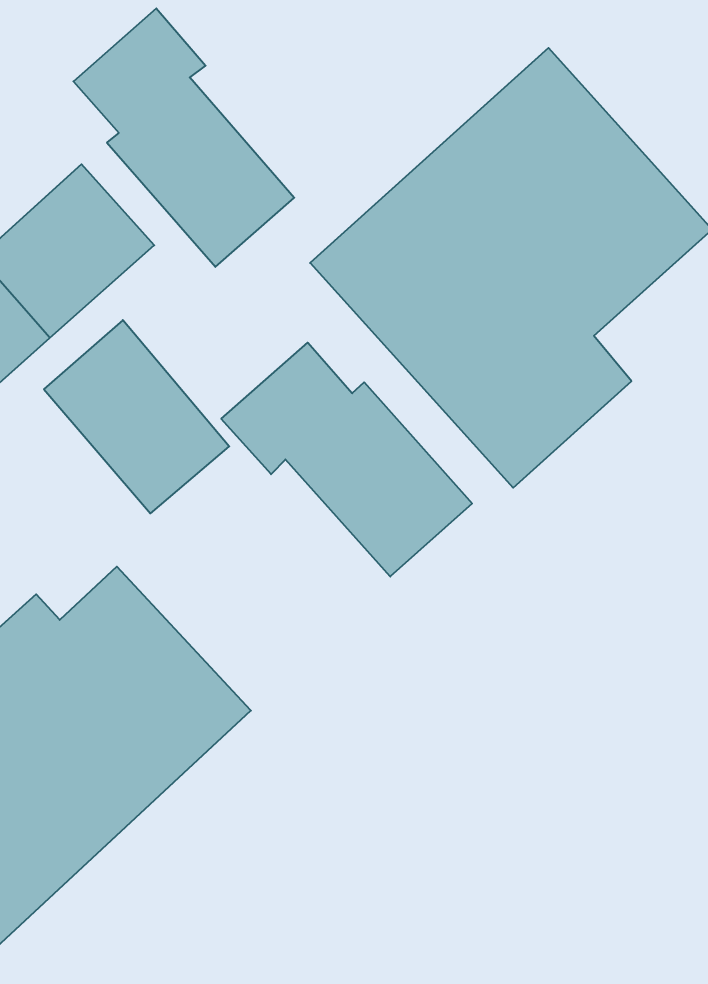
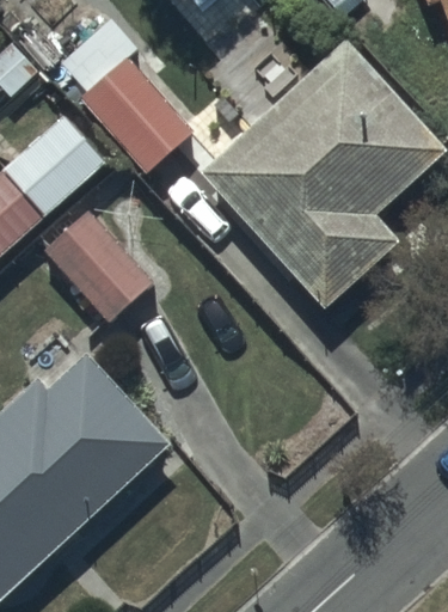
building: [221,343,472,577] -> none

